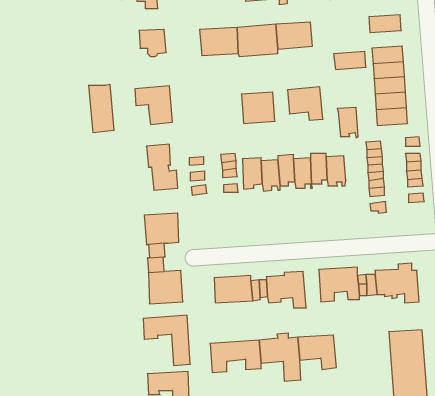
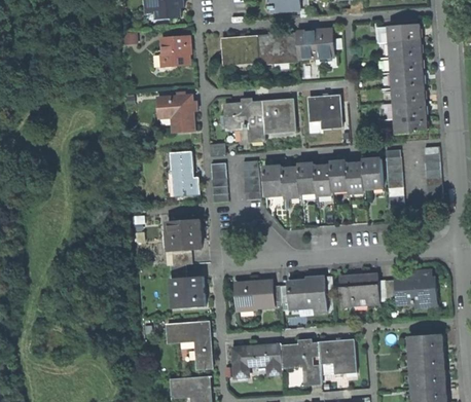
building: [334,52,366,69] -> [389,39,421,57]
building: [89,84,114,133] -> none
building: none -> [224,102,264,143]
building: [337,107,358,138] -> [362,158,383,188]

